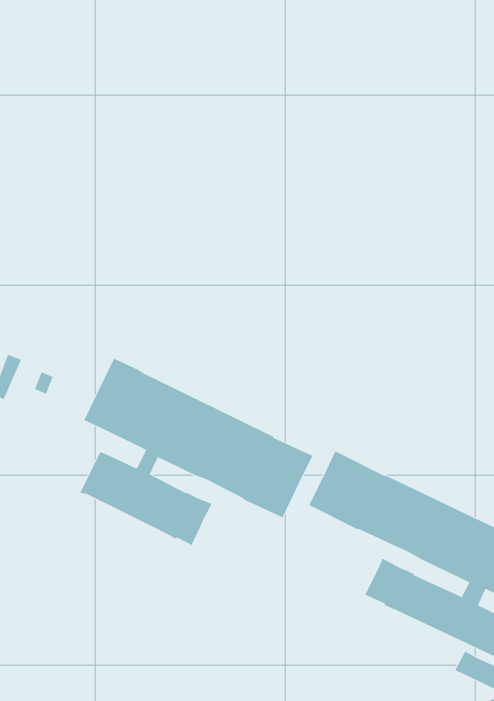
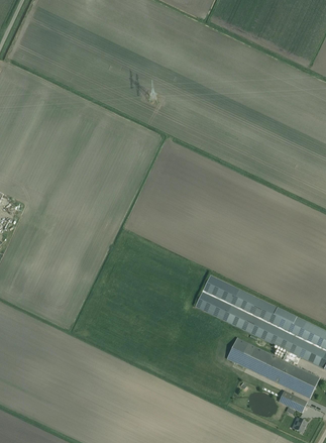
building: [80,358,313,546] -> none

